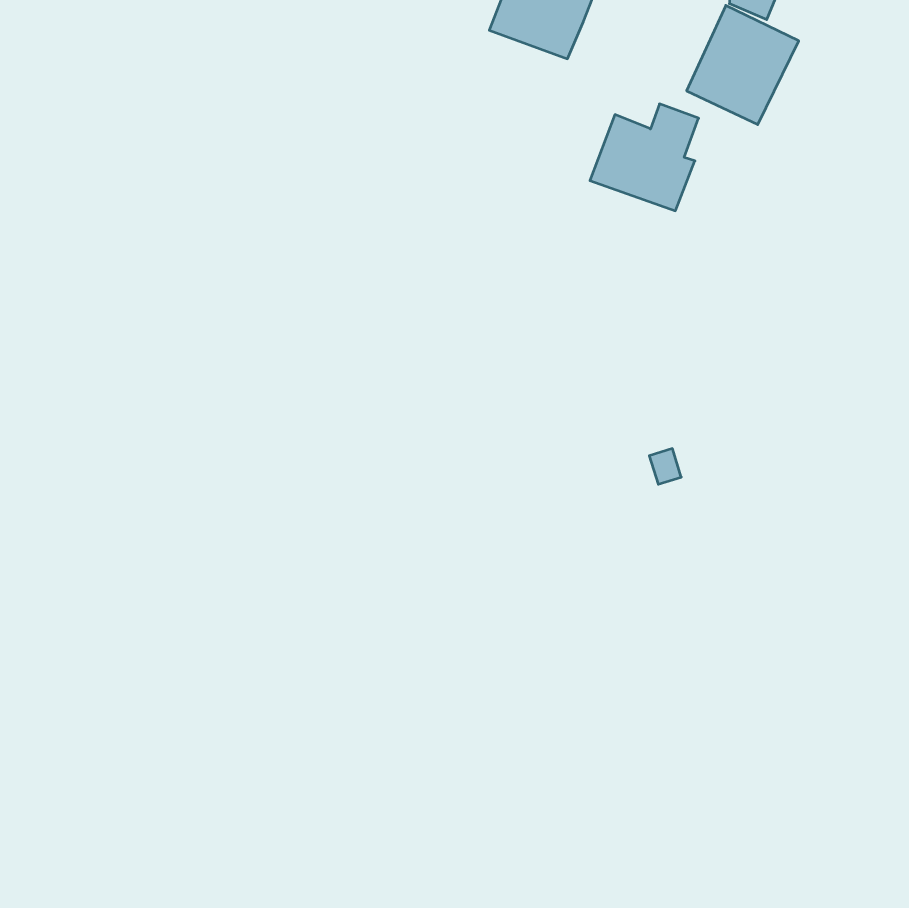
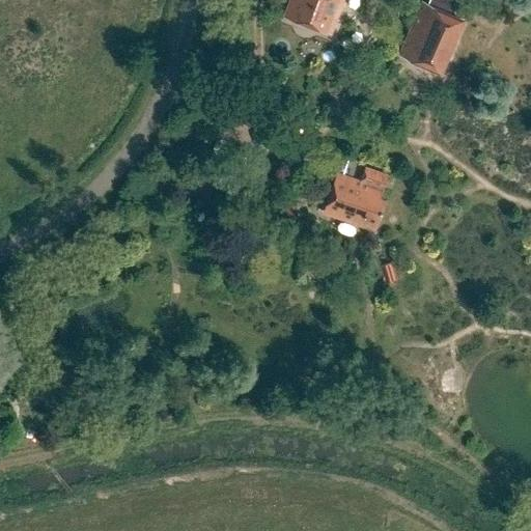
building: [590,104,699,211] -> [325,166,388,228]

